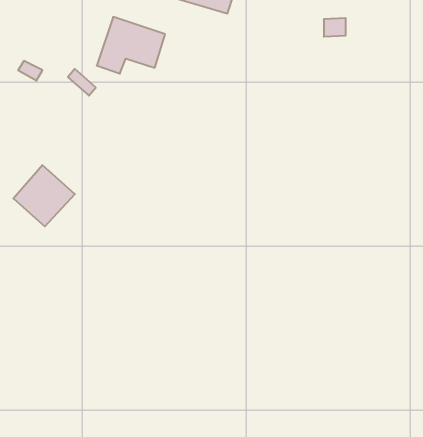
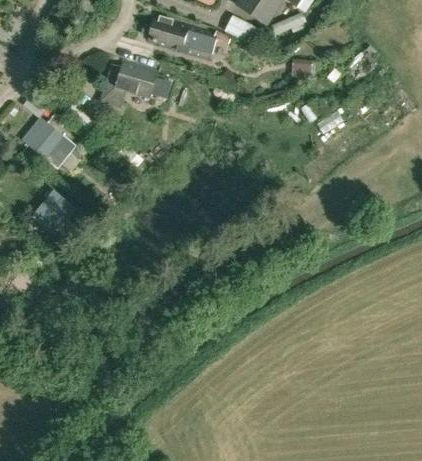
building: none -> [19,112,74,169]

